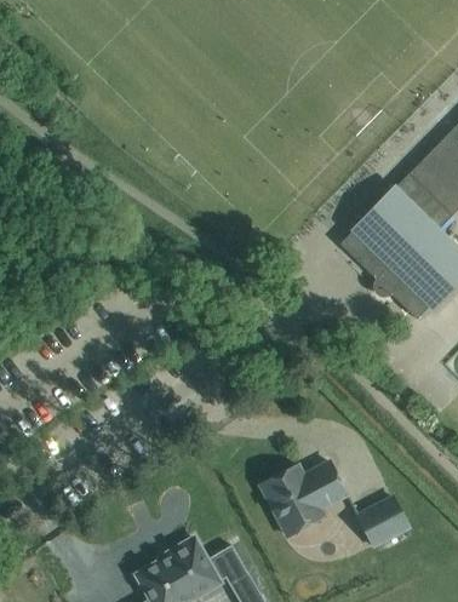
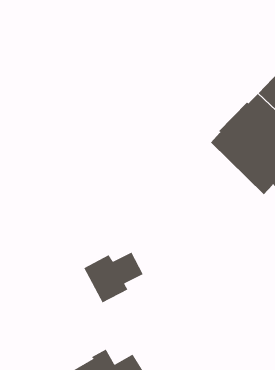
building: [261,461,347,535] -> [83,252,144,303]
building: [355,494,411,546] -> none

